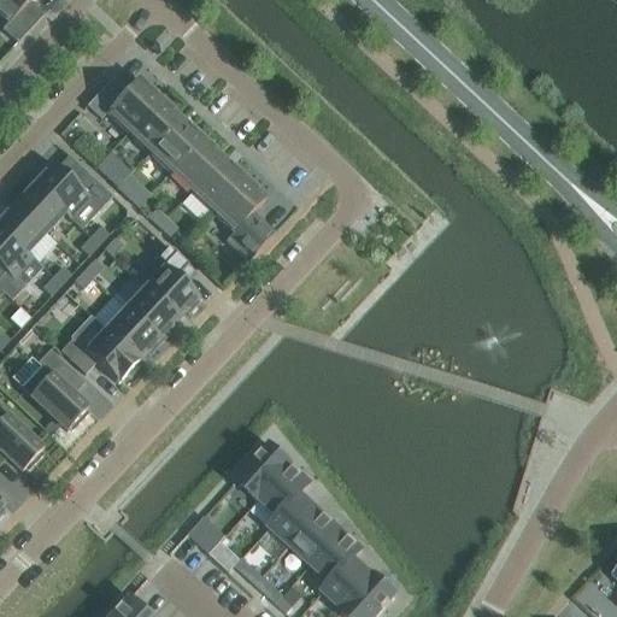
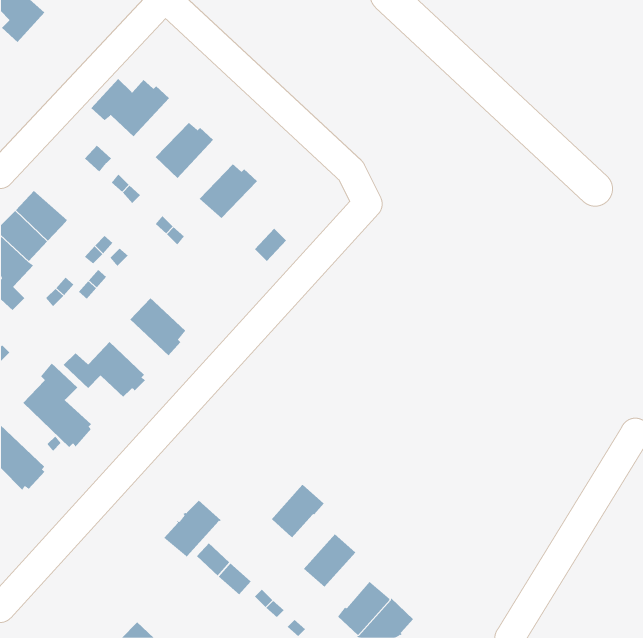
building: [128,94,181,151] -> none
building: [170,134,223,190] -> none
building: [33,160,100,217] -> none
building: [212,174,266,230] -> none
building: [135,245,199,317] -> none
building: [105,306,161,359] -> none
building: [236,443,292,499] -> [164,500,222,558]
building: [269,493,321,545] -> none
building: [311,529,363,582] -> none

